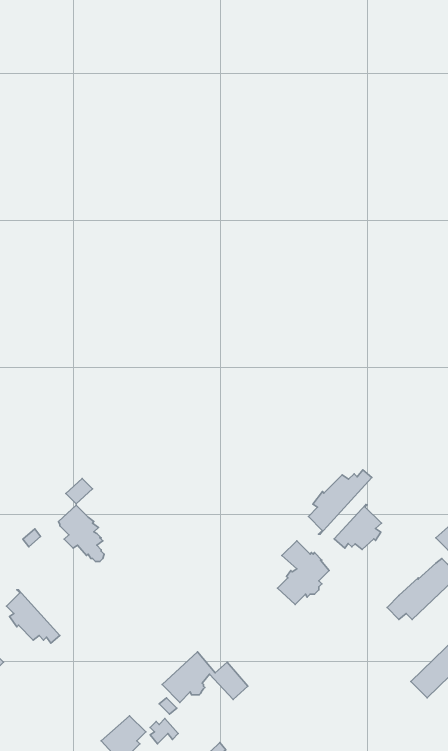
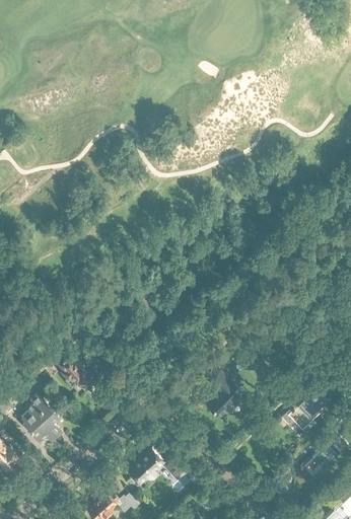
building: [308,470,372,534] -> none
building: [334,504,381,549] -> none
building: none -> [30,395,63,439]

